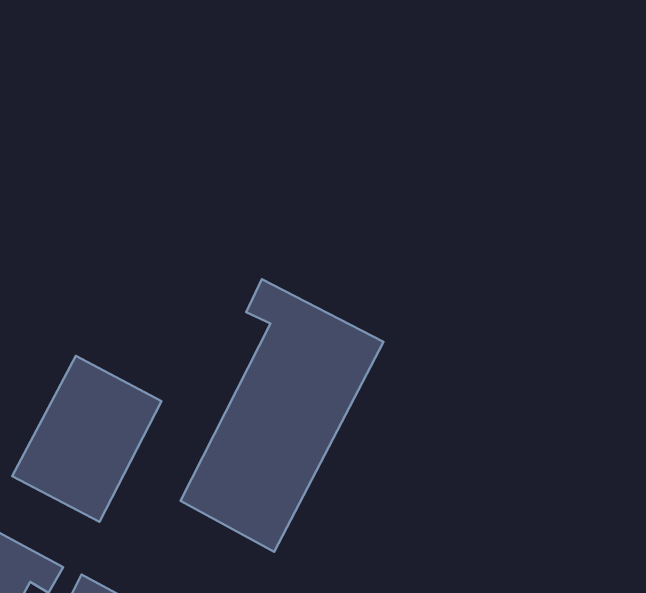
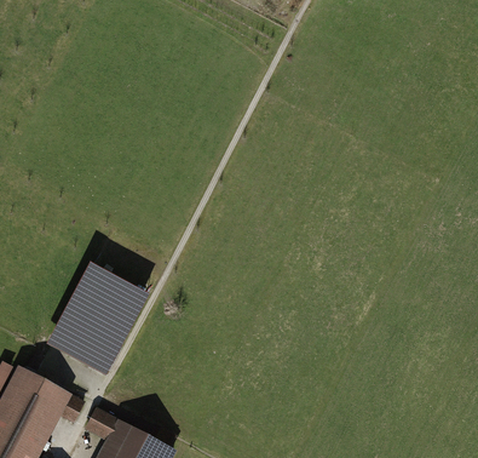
building: [180,279,384,552] -> none

